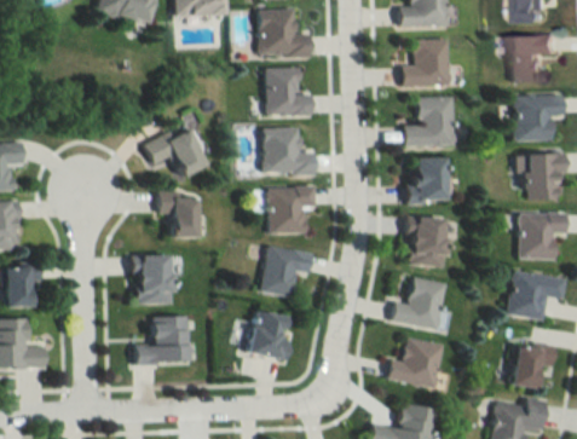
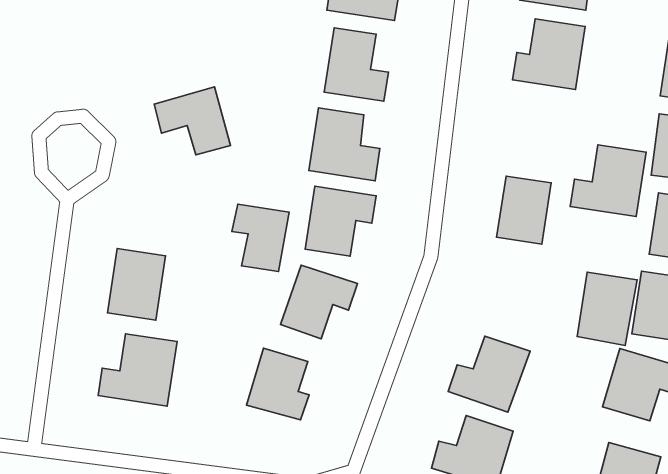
building: [404,97,454,145] -> [570,145,646,217]
building: [158,192,198,237] -> [232,204,289,272]
building: [408,216,445,266] -> [577,272,637,346]

